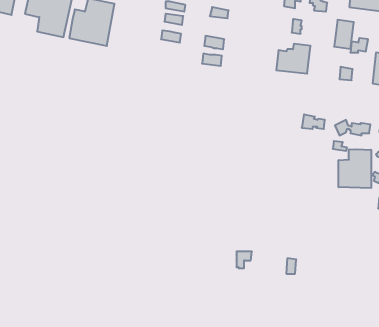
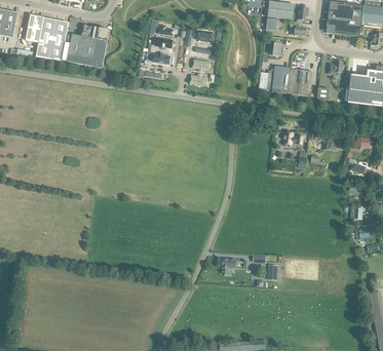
building: [334,20,354,49] -> [288,68,306,94]
building: [339,149,371,188] -> none

